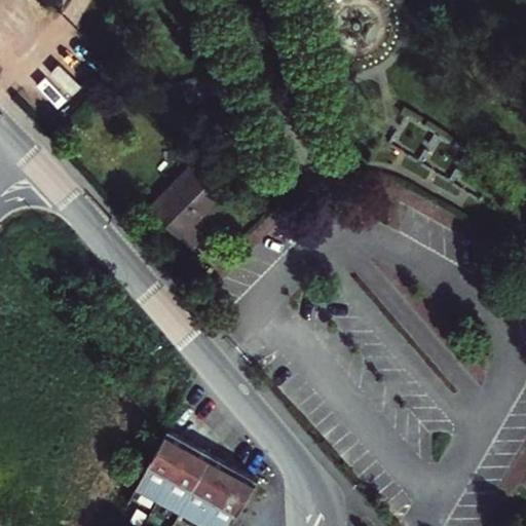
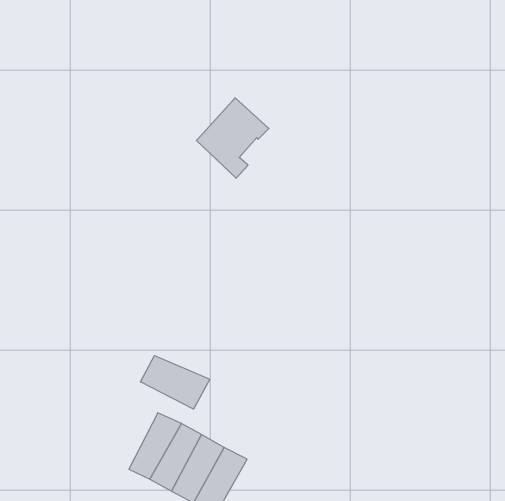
building: [150,176,225,259] -> [196,98,269,178]
building: none -> [140,356,210,409]

